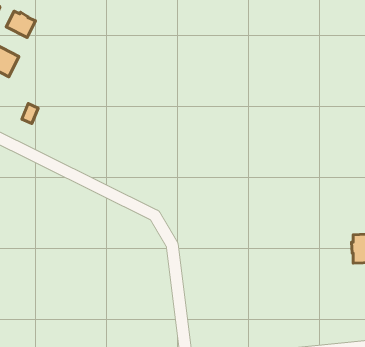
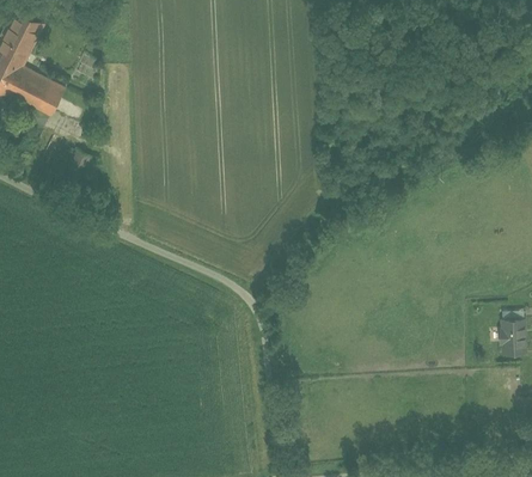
building: [6,11,36,37] -> none

